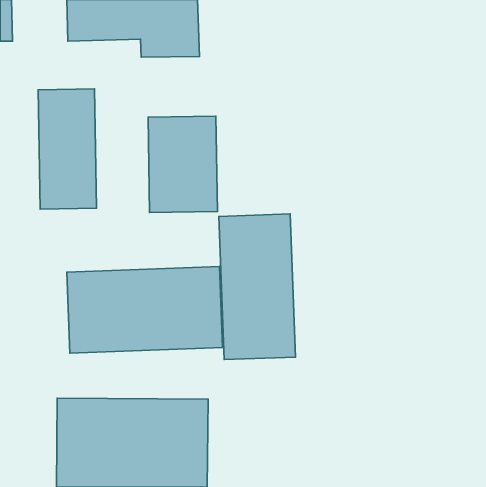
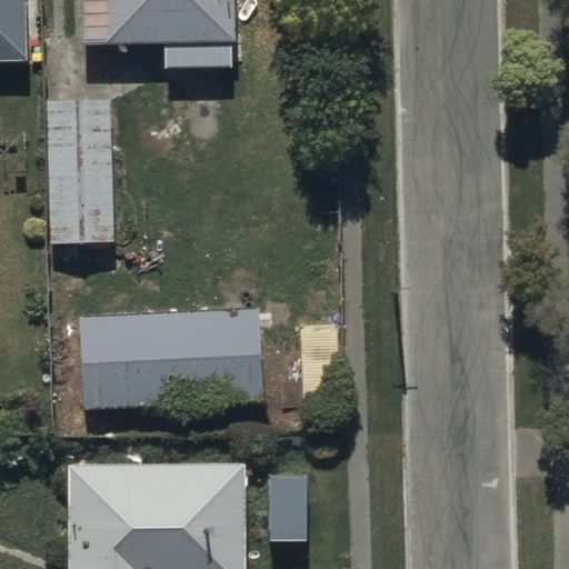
building: [148,116,217,213] -> none
building: [219,214,295,360] -> none

